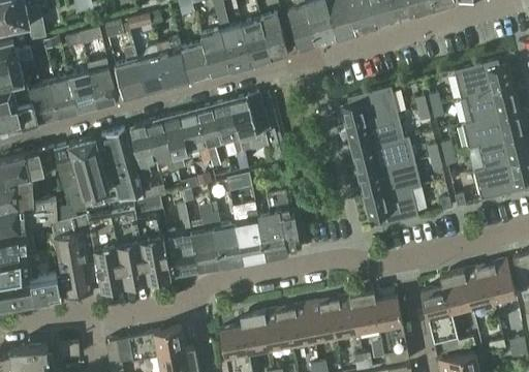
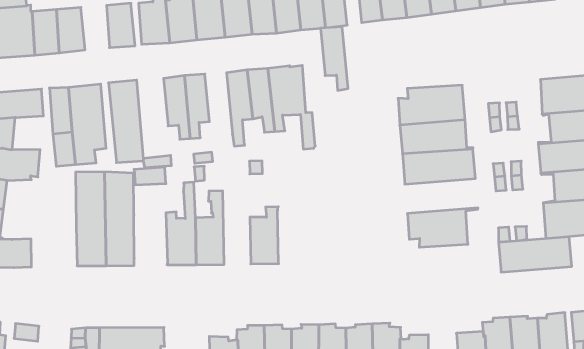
building: [67,72,96,112] -> none
building: [178,111,209,163] -> [321,27,348,90]
building: [127,124,155,179] -> none
building: [356,162,419,200] -> [499,237,572,272]
building: [256,191,300,259] -> none
building: [209,206,242,268] -> none
building: [50,213,94,297] -> none
building: [136,216,170,281] -> none

